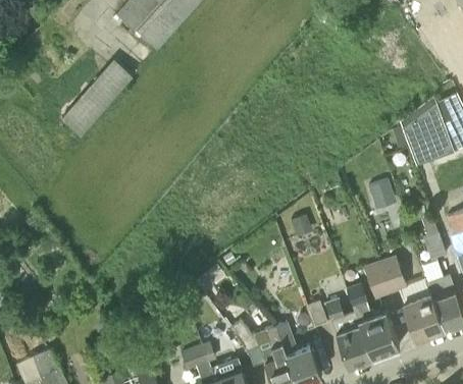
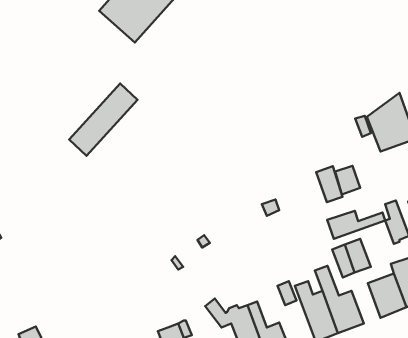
building: [64,59,137,135] -> [69,84,138,156]
building: none -> [316,166,343,202]
building: none -> [327,211,385,239]

